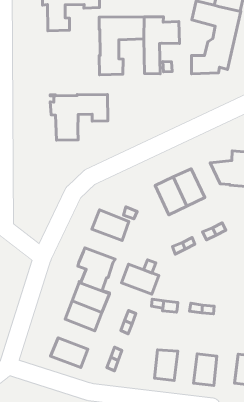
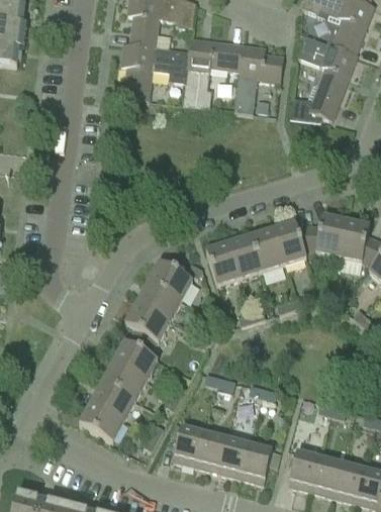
building: [50,95,108,140] -> [121,41,190,98]
building: none -> [273,220,306,263]
building: none -> [206,240,240,284]
building: [122,264,159,294] -> [136,281,181,319]
building: none -> [91,381,134,419]
building: none -> [173,425,204,464]
building: none -> [218,436,250,476]

